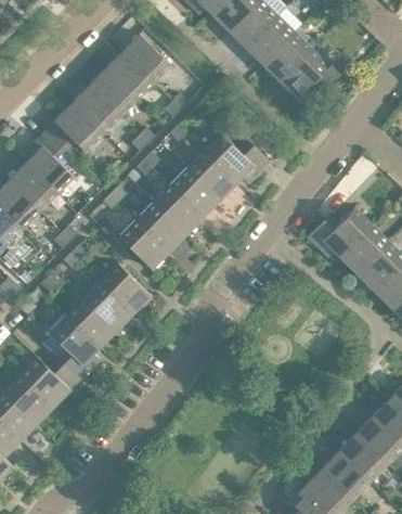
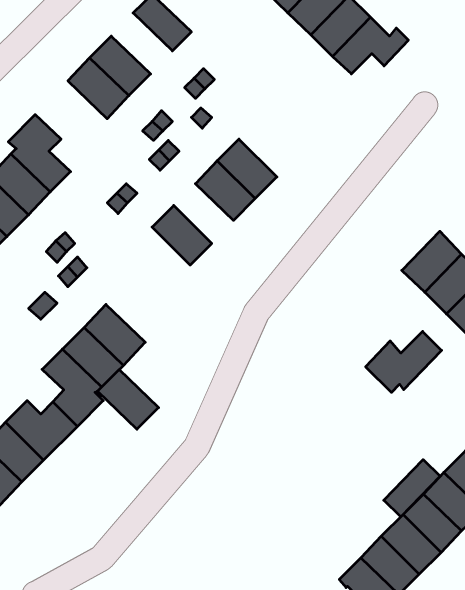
building: [105,48,154,97] -> none
building: [44,102,102,150] -> none
building: [207,133,269,181] -> none
building: [155,184,203,232] -> none
building: [307,207,367,256] -> [366,331,442,392]
building: [119,219,168,268] -> none
building: [101,264,150,311] -> [98,370,159,429]
building: none -> [384,460,440,517]

